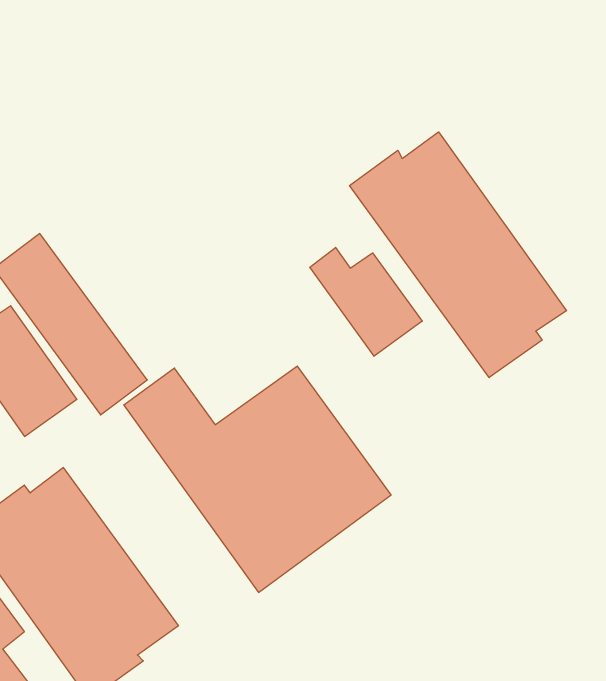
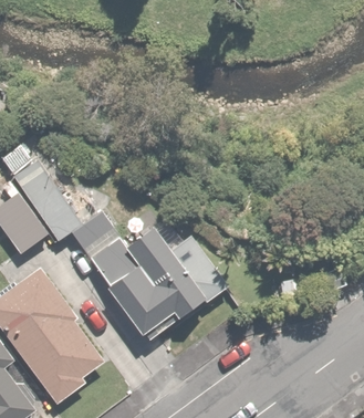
building: [350,132,567,378] -> none
building: [310,247,422,356] -> none

